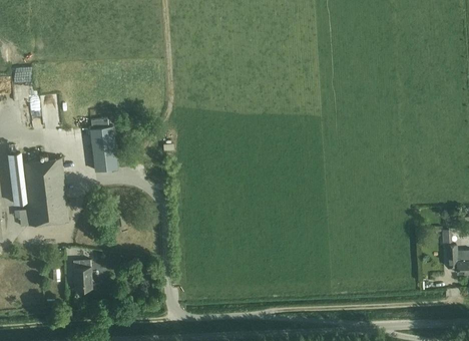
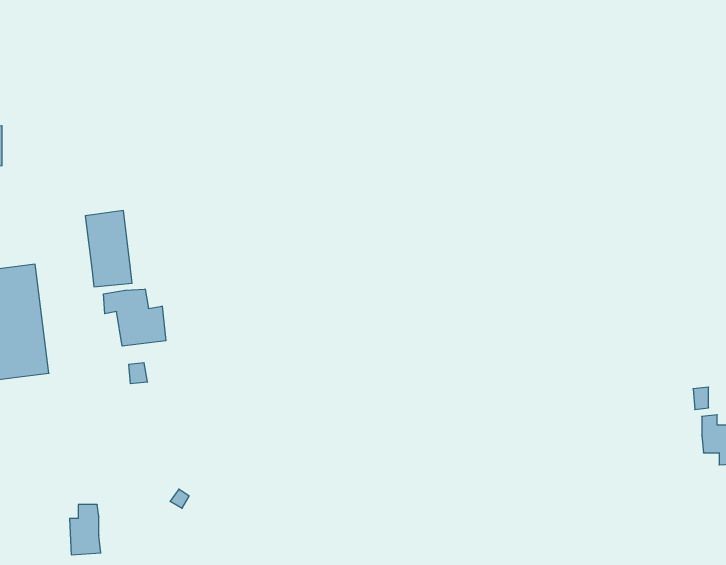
building: none -> [104,289,166,346]
building: [73,261,91,290] -> [70,505,101,555]

